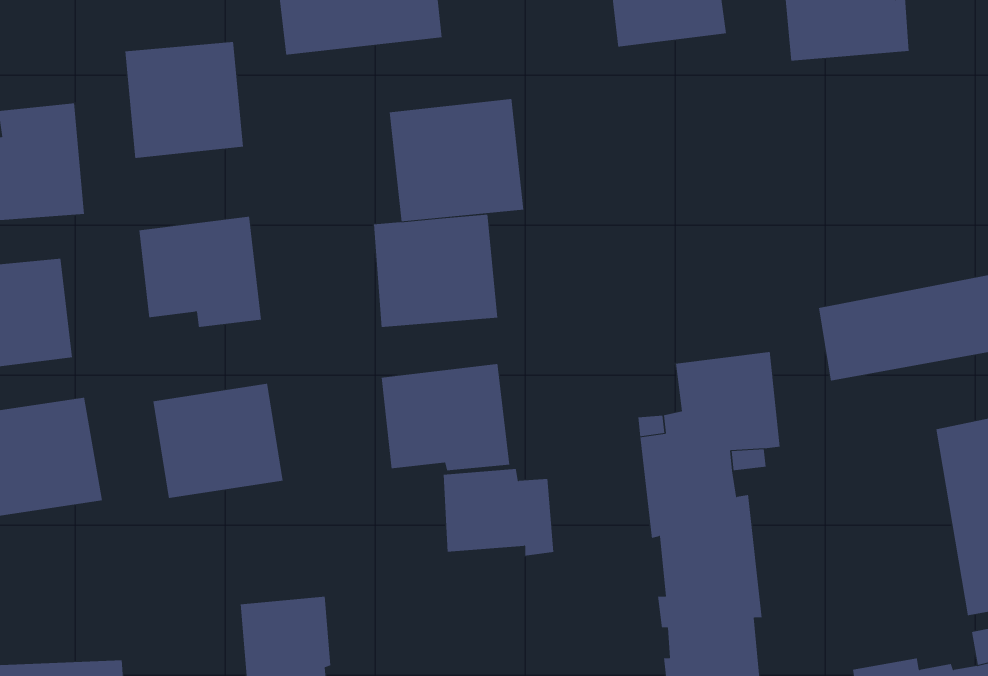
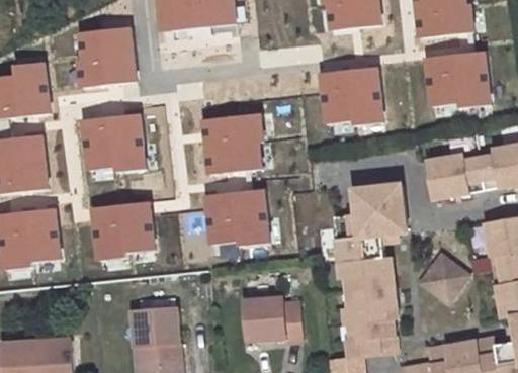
building: none -> [426,50,490,104]
building: [389,98,524,222] -> [317,66,385,128]
building: [443,469,554,556] -> [246,298,303,343]
building: none -> [419,253,471,306]

